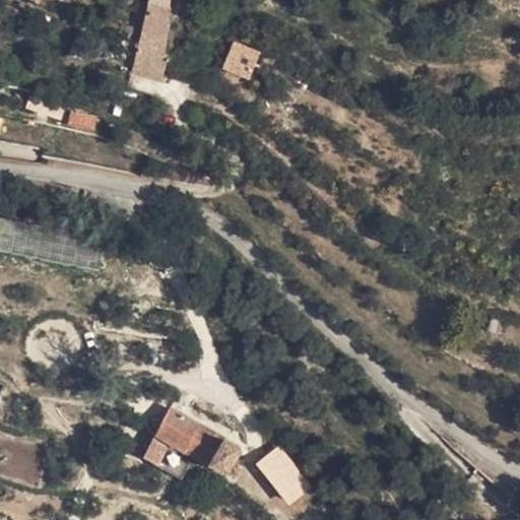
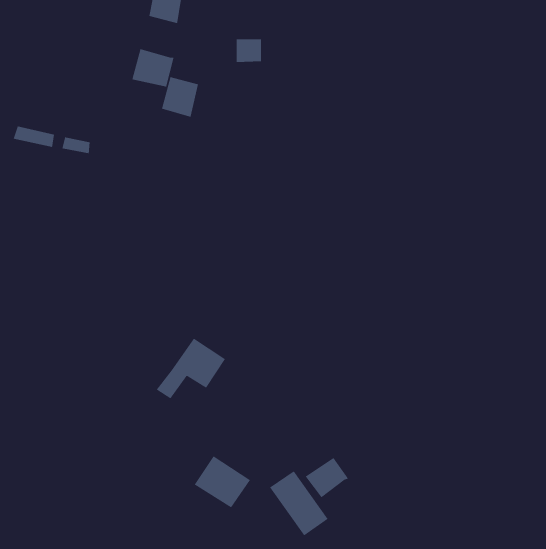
building: [136,15,172,54] -> [161,77,199,118]
building: [139,409,205,467] -> [156,338,226,399]
building: none -> [305,457,349,498]

